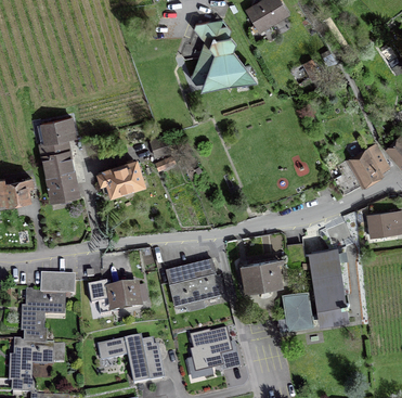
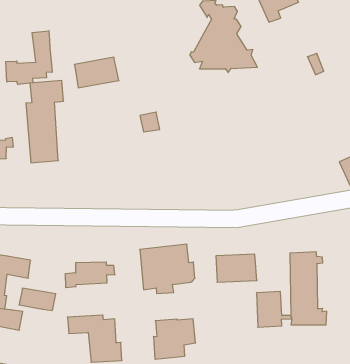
building: none -> [6,31,52,85]
building: [98,162,142,195] -> [74,57,119,88]
building: [40,275,74,293] -> [19,288,56,310]

